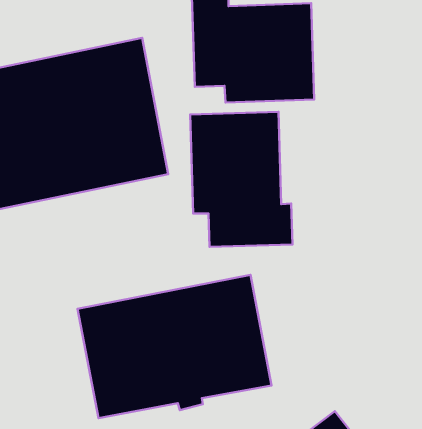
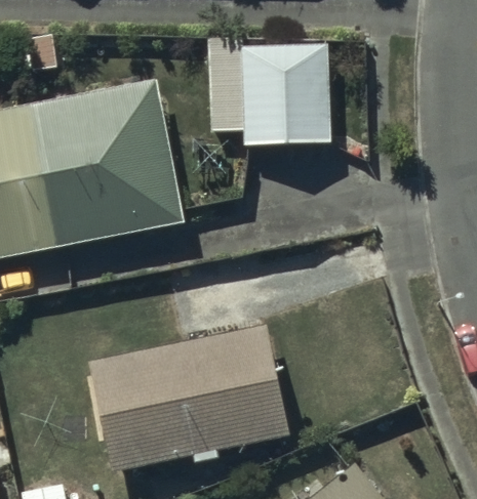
building: [190,112,292,247] -> none

